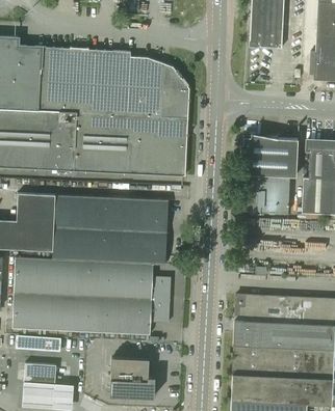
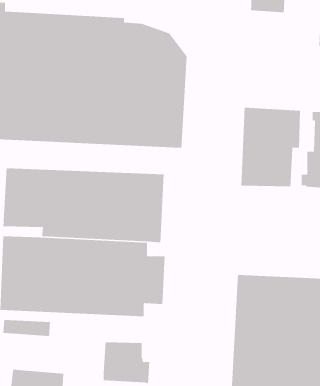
building: [24,363,56,384] -> none

